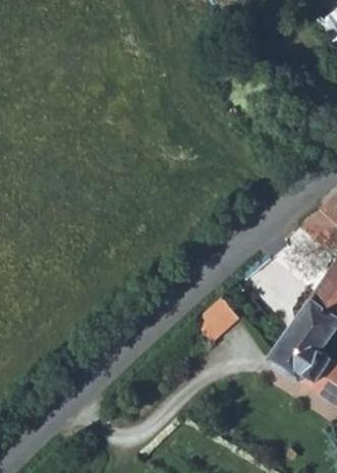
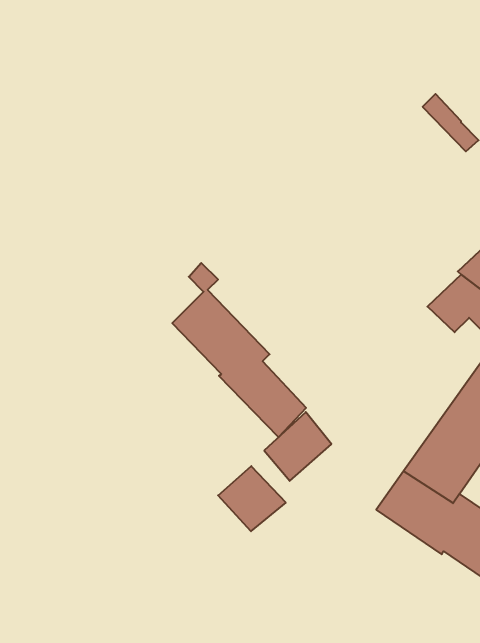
building: none -> [172,263,306,437]
building: none -> [218,466,286,531]

